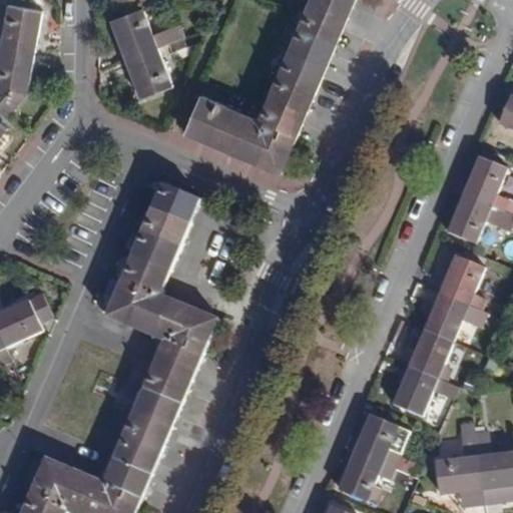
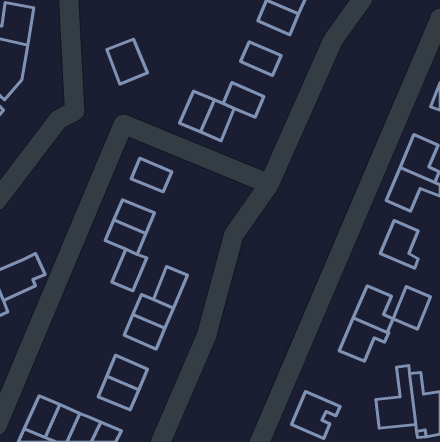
building: [109,7,182,57] -> none
building: [288,24,335,64] -> none
building: [268,71,315,111] -> none
building: [184,95,223,142] -> none
building: [255,125,295,172] -> none
building: [141,206,188,245] -> none
building: [105,278,145,326] -> none
building: [424,293,467,342] -> [393,287,430,329]
building: [153,298,192,346] -> none
building: [133,387,180,426] -> none
building: [353,414,398,469] -> none
building: [102,458,150,497] -> none

